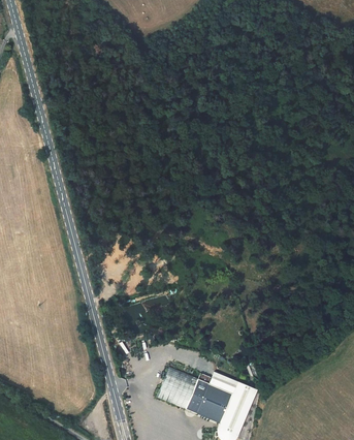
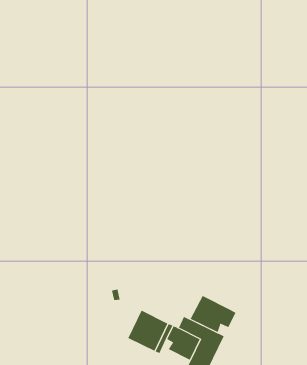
building: none -> [190,295,236,333]

